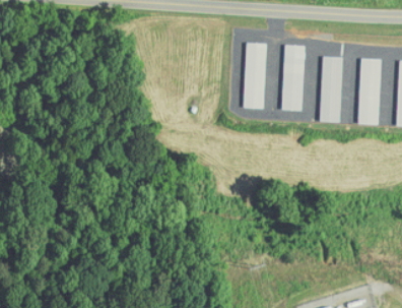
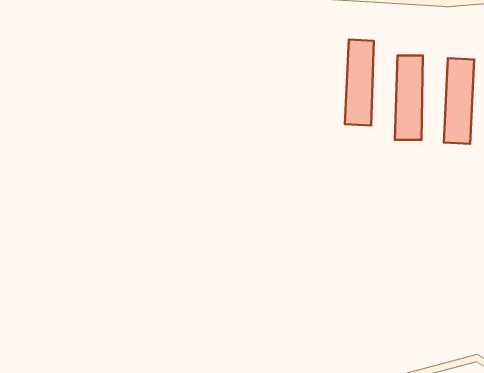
building: [244,42,265,108] -> none

